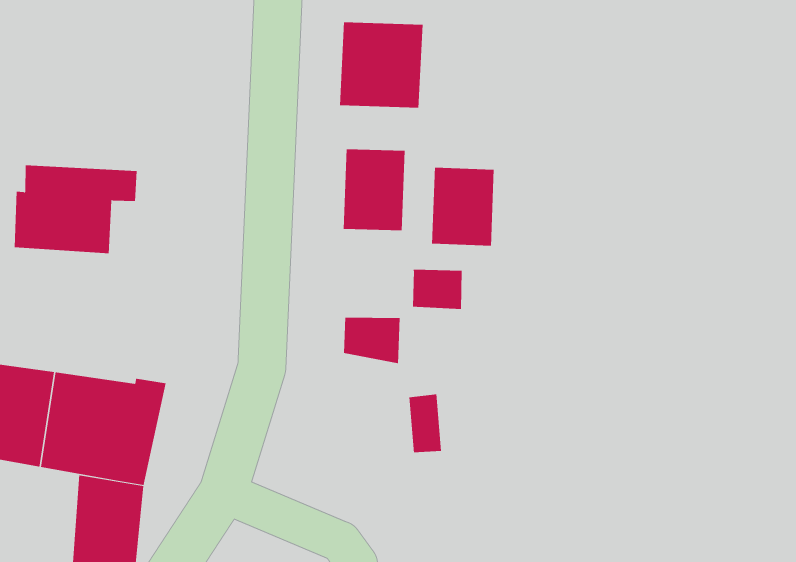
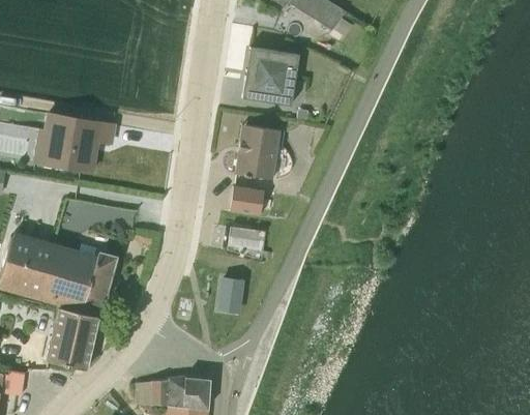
building: [432,167,494,247] -> none
building: [411,269,463,310] -> [231,186,265,214]
building: [409,394,442,453] -> [220,276,239,312]

